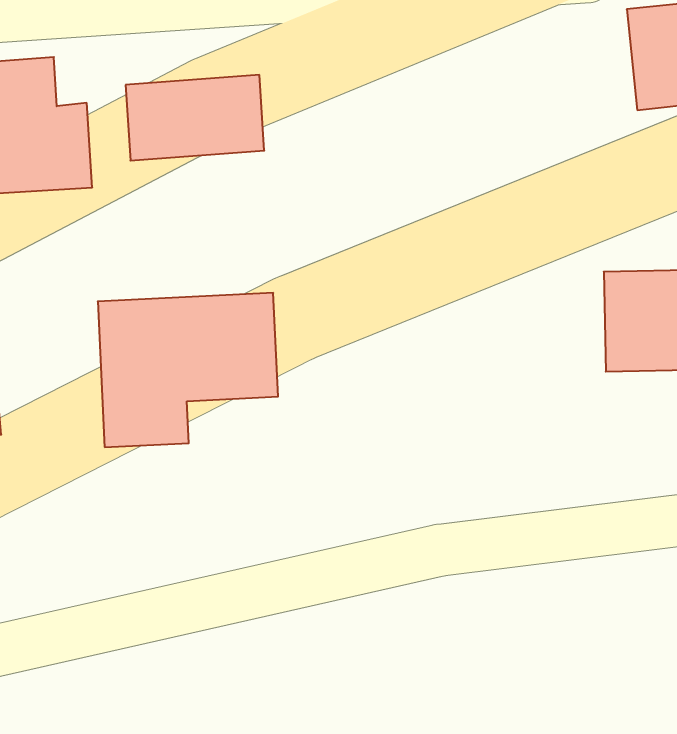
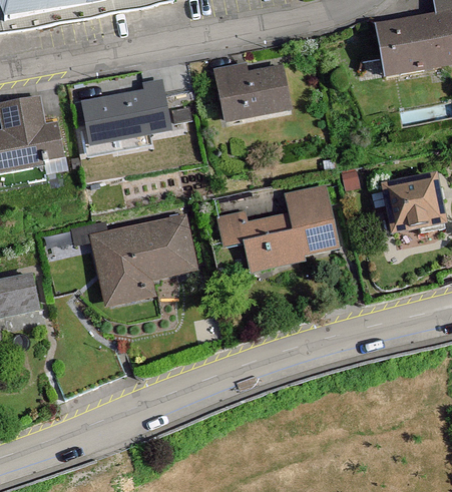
building: none -> [213,58,294,119]
building: none -> [211,182,343,276]

